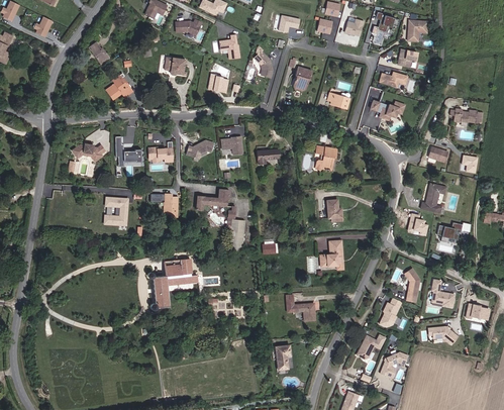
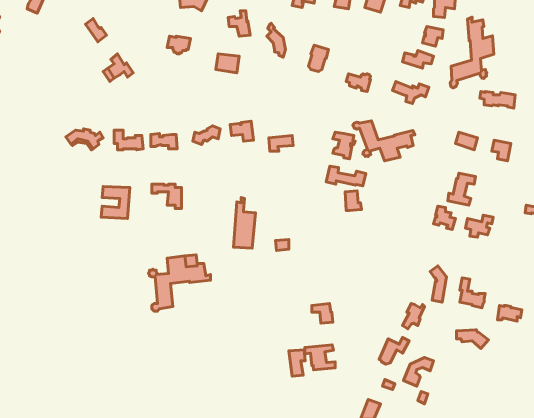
building: none -> [450,17,494,88]
building: none -> [353,121,415,161]
building: none -> [326,166,366,186]
building: [195,189,229,213] -> none
building: [322,240,343,270] -> none
building: none -> [305,345,335,370]

